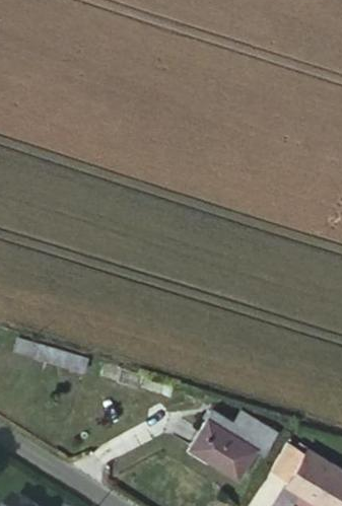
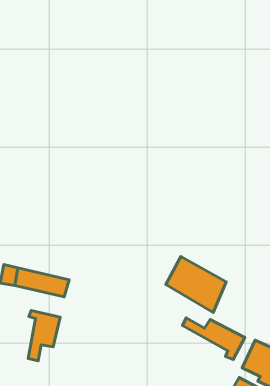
building: none -> [28,311,60,361]
building: [190,419,257,484] -> [166,257,226,312]

